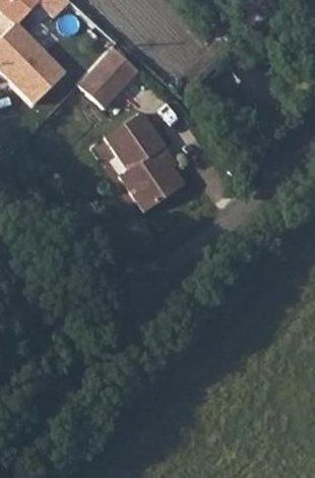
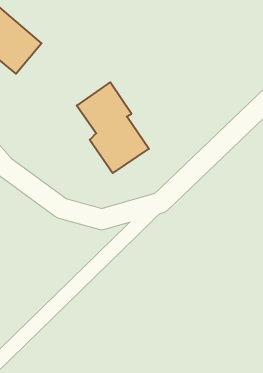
building: [82,43,139,104] -> none

